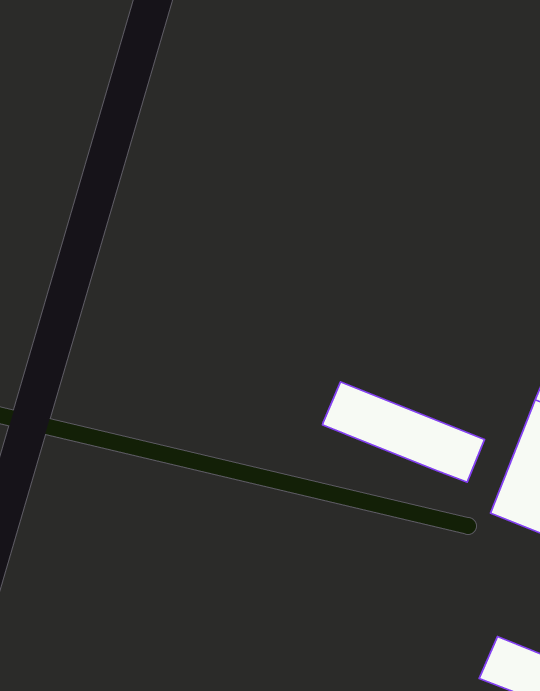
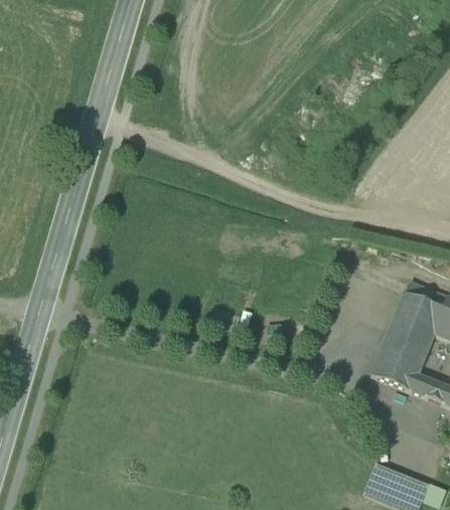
building: [323,382,484,482] -> none

